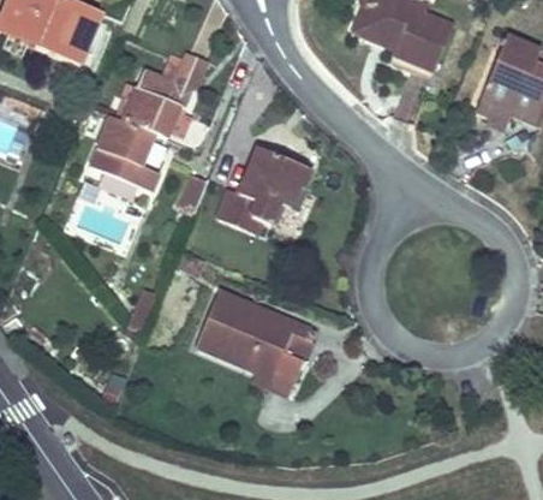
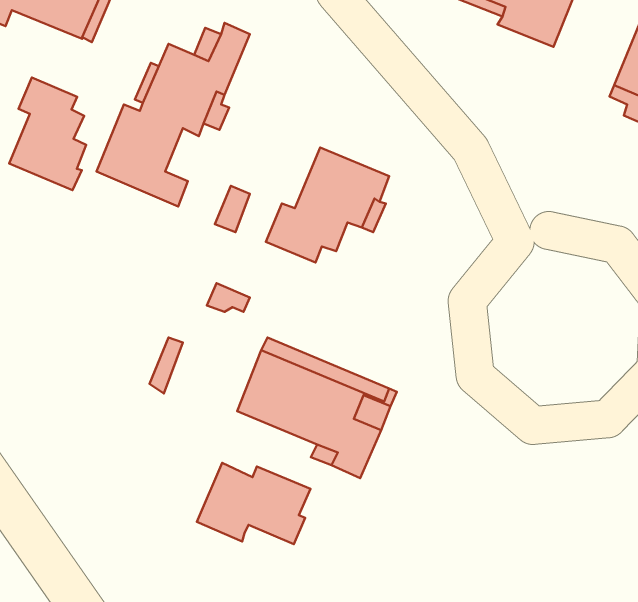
building: none -> [9,78,86,190]
building: none -> [197,463,310,544]

